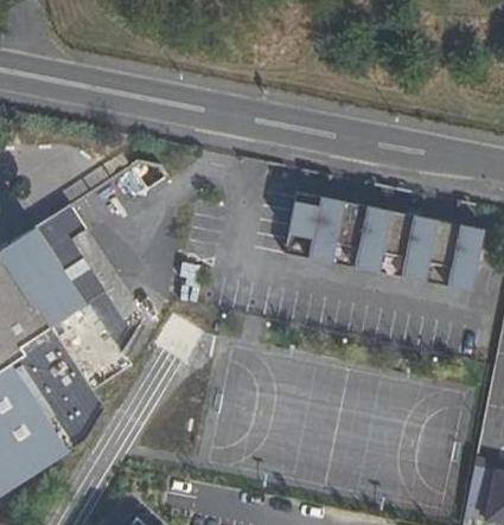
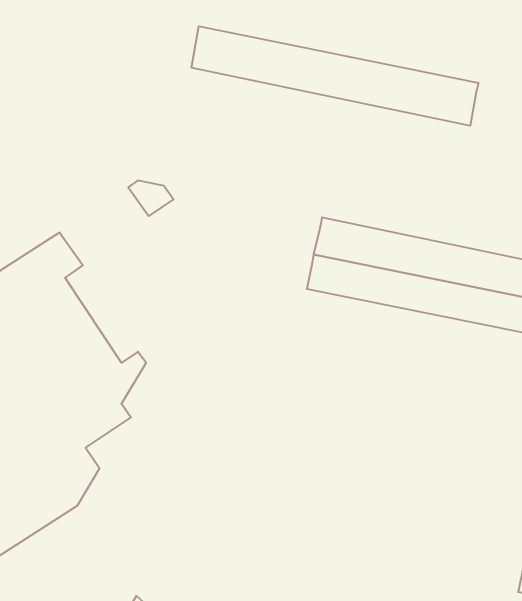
building: none -> [191,26,478,126]

